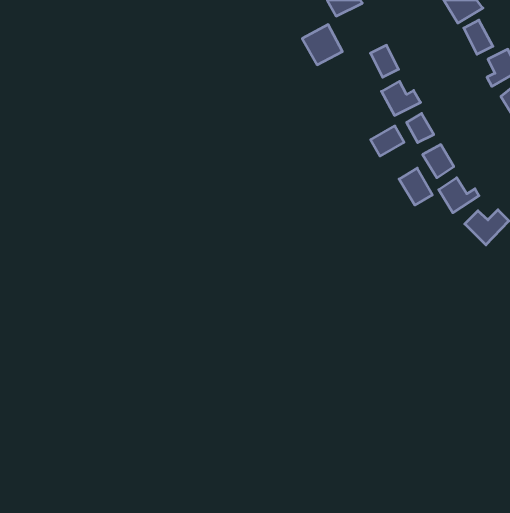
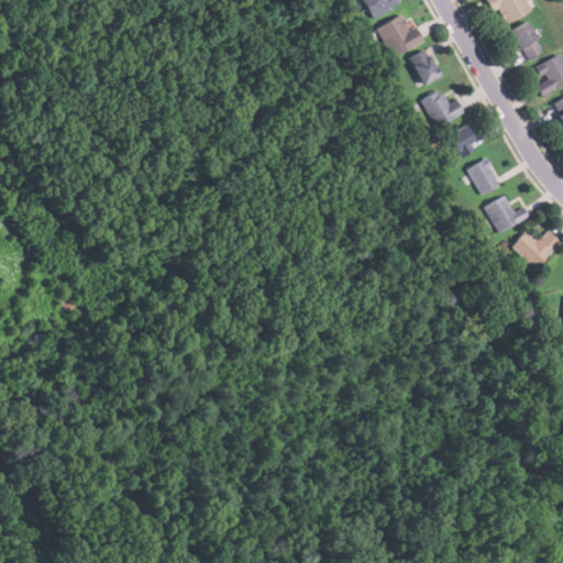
building: [302,25,342,65] -> [377,12,421,56]
building: [371,126,404,156] -> none
building: [399,168,432,205] -> none

